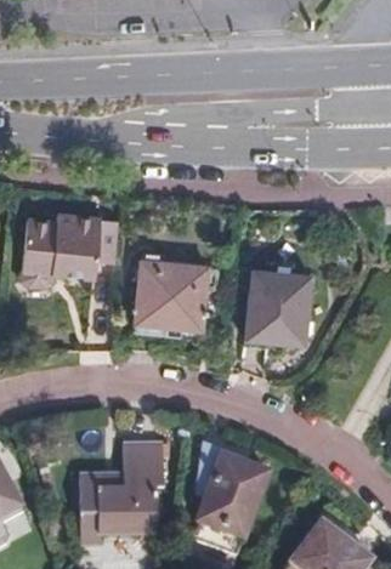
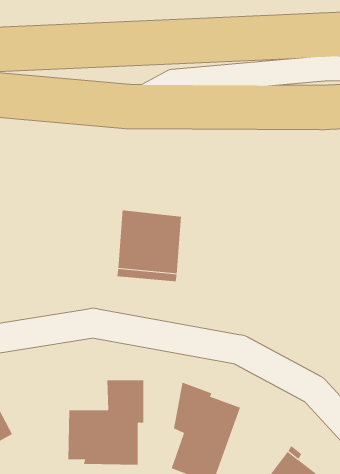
building: [19,212,119,280] -> none
building: [245,271,310,345] -> none

